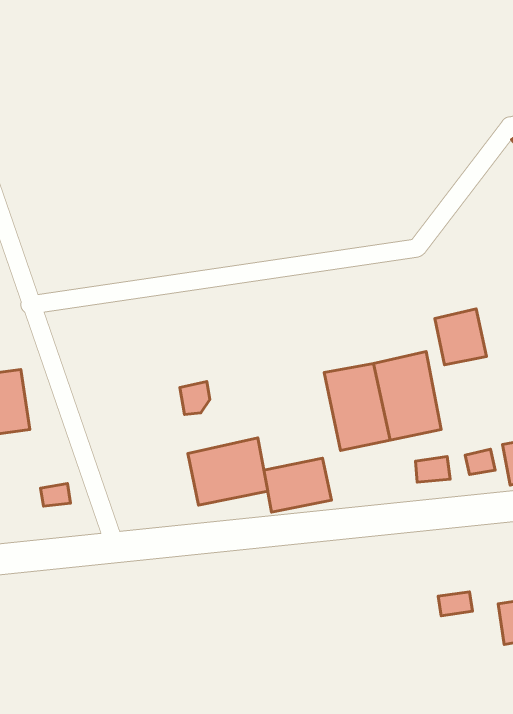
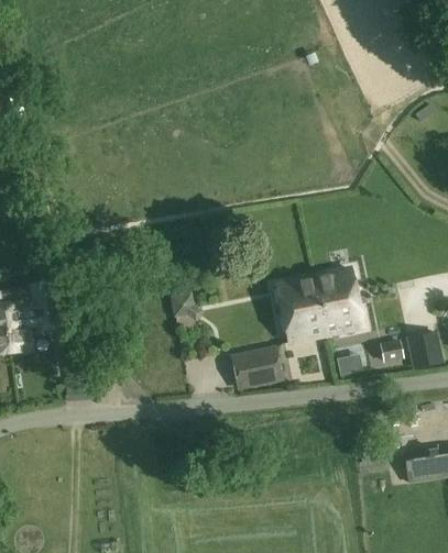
building: [435,309,486,365] -> none
building: [188,438,268,505] -> none

